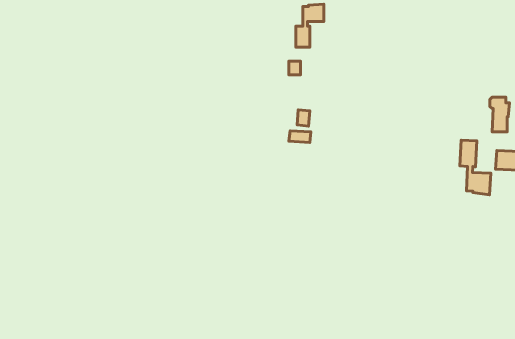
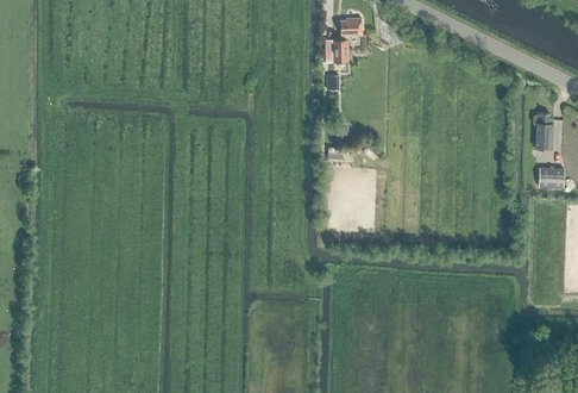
building: [460,140,491,195] -> none

